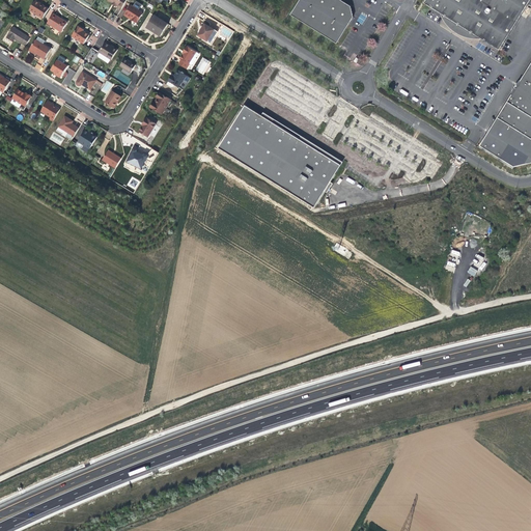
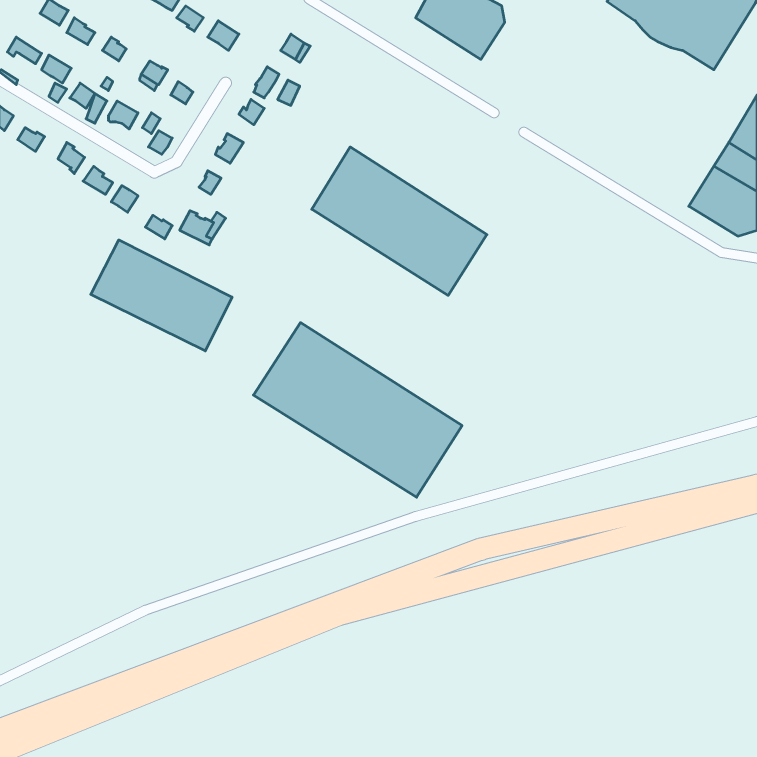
building: none -> [91,240,232,351]
building: none -> [253,323,462,497]

